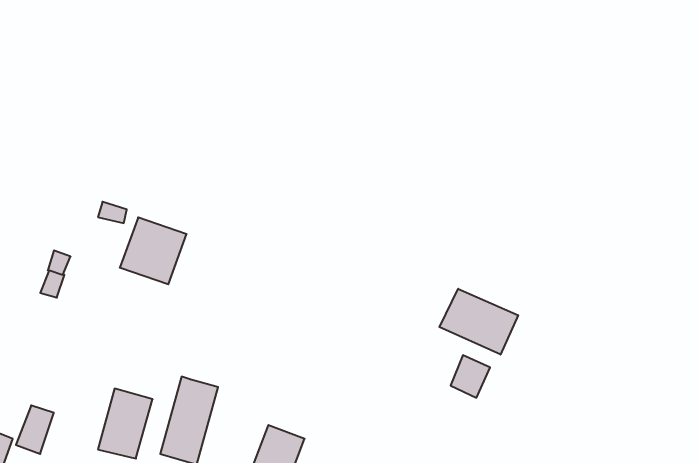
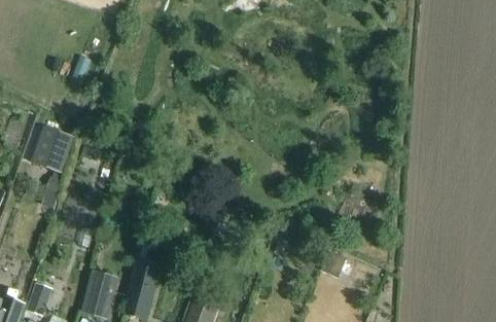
building: [120,217,187,284] -> [30,127,75,172]
building: [439,289,518,355] -> none

